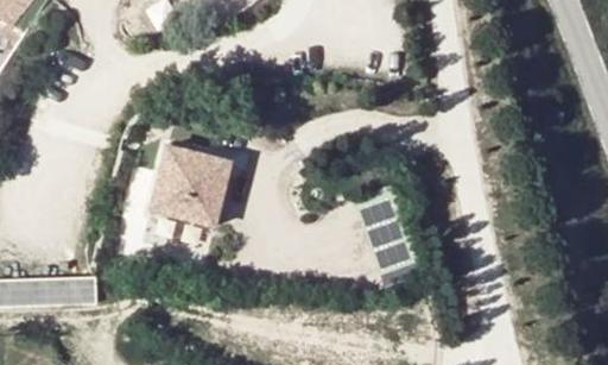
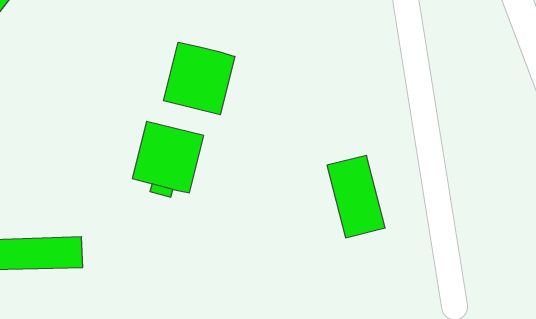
building: none -> [164,42,235,115]

